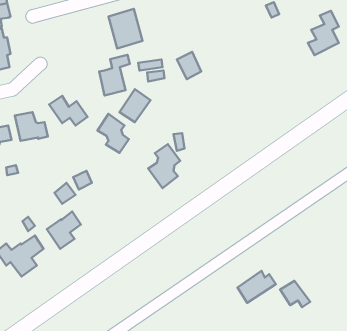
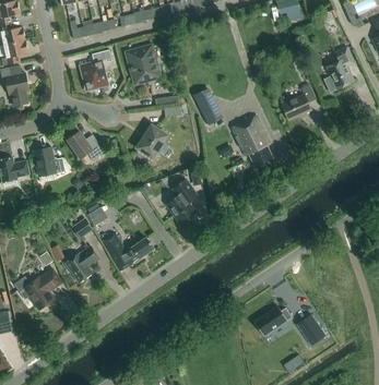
building: none -> [281,83,316,119]
building: [99,55,130,96] -> [81,49,111,89]
building: none -> [230,115,273,167]
building: [98,114,129,153] -> none
building: none -> [102,233,153,272]

